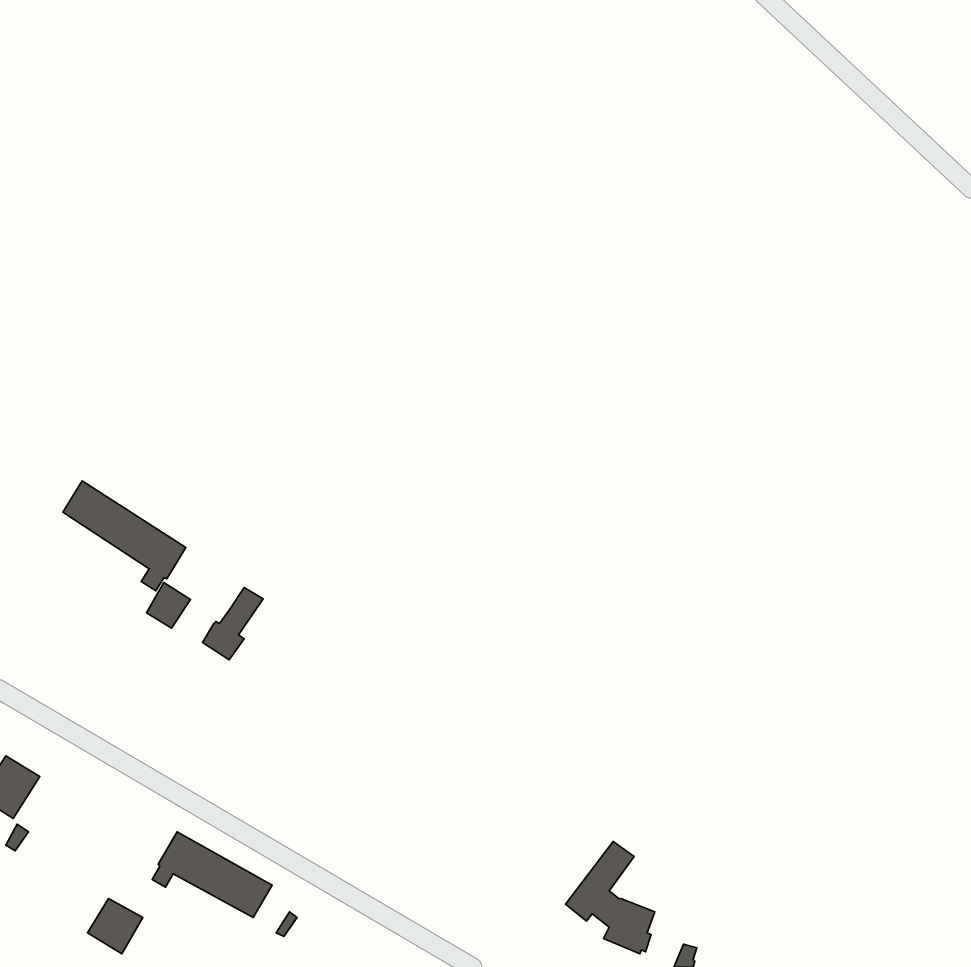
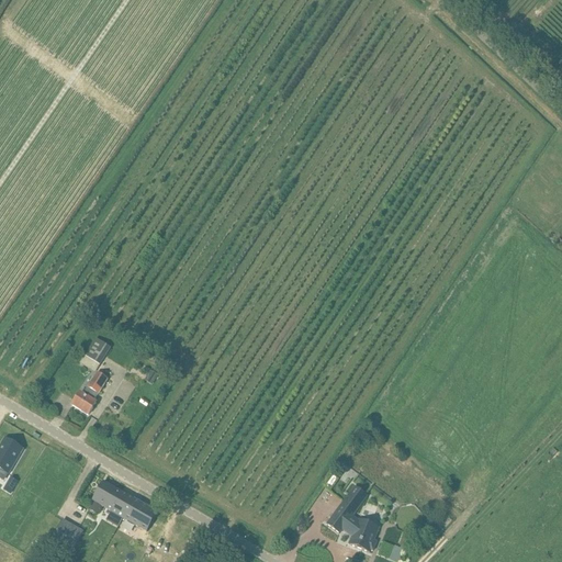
building: [63,481,186,591] -> none
building: [202,587,263,660] -> [71,371,106,413]

